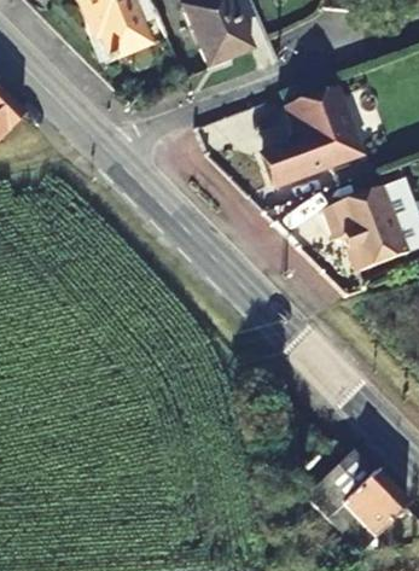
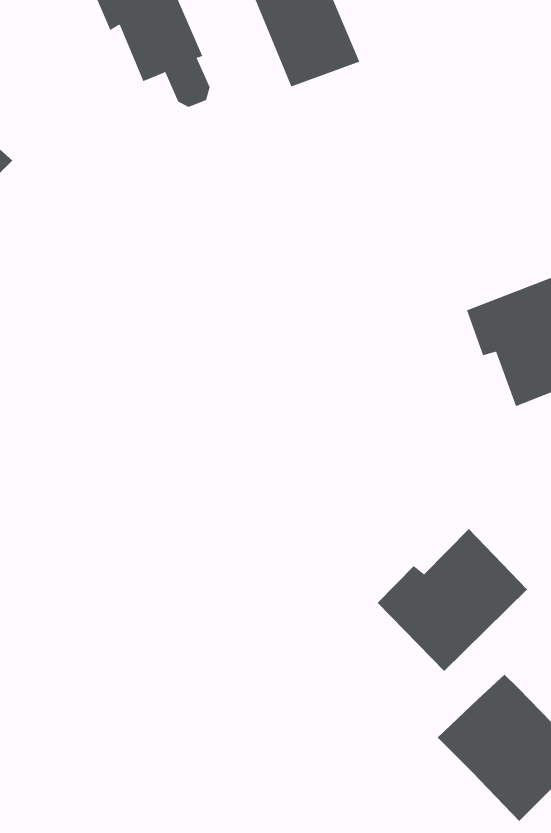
building: [263,86,361,186] -> none
building: none -> [377,528,528,672]

